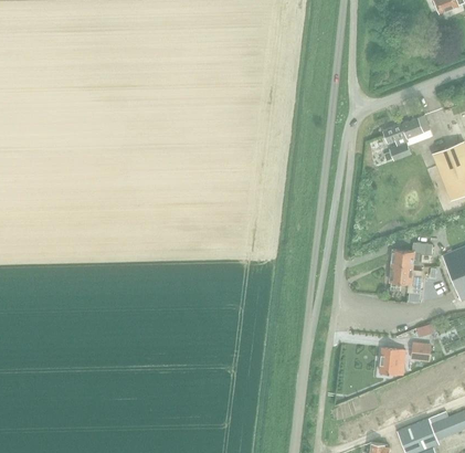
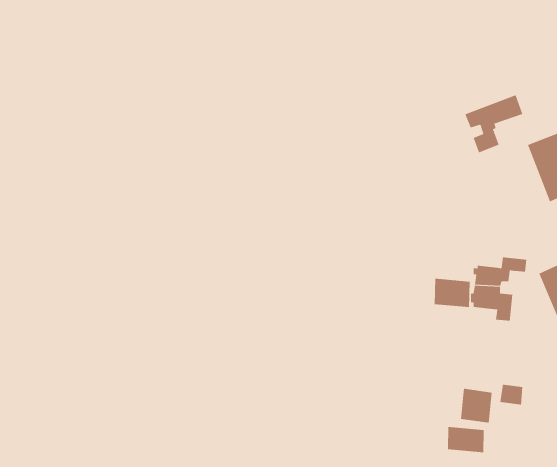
building: none -> [434,278,470,308]
building: none -> [447,426,484,453]

